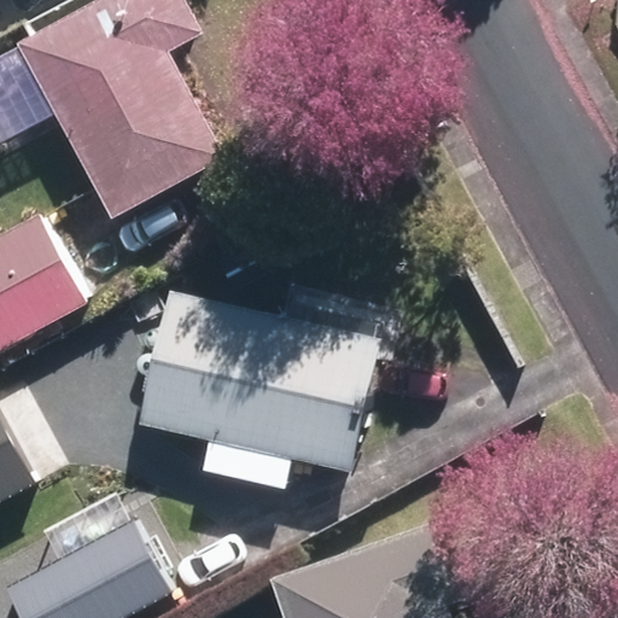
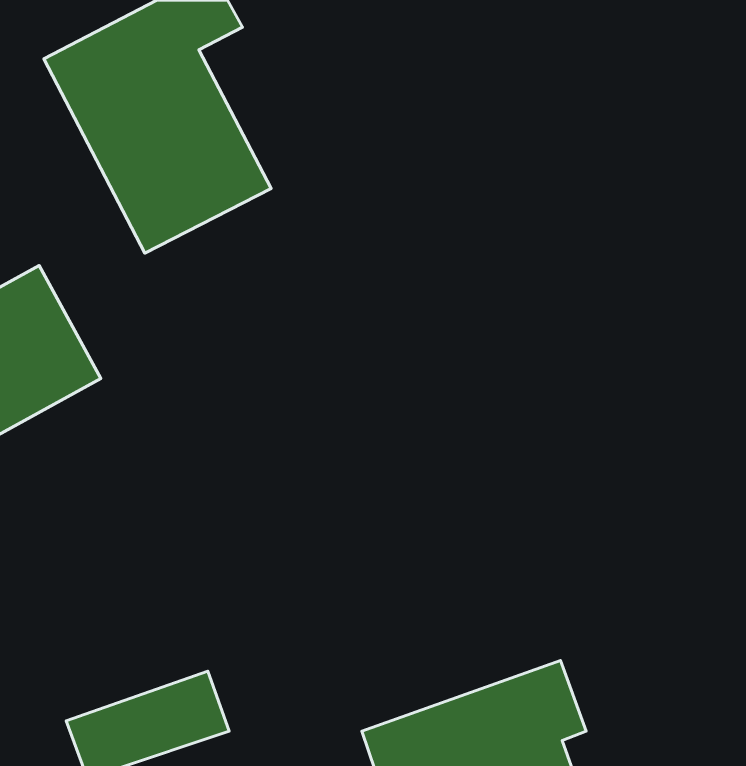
building: [154,298,373,461] -> none

